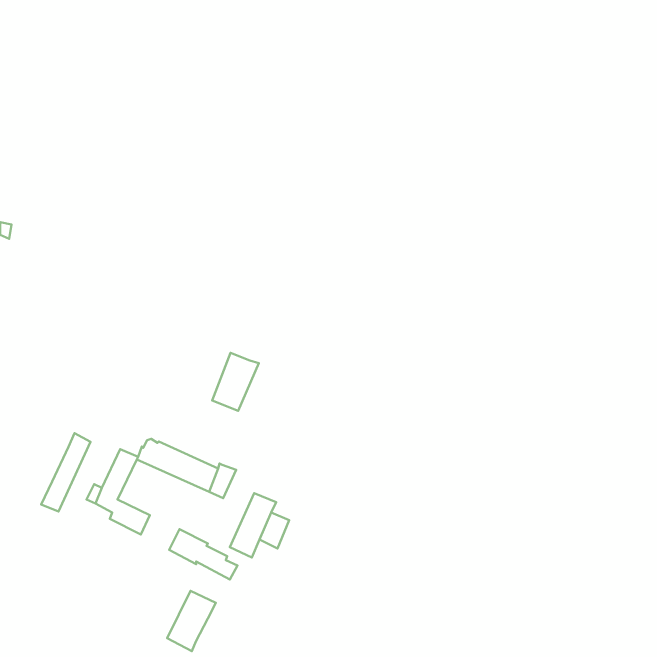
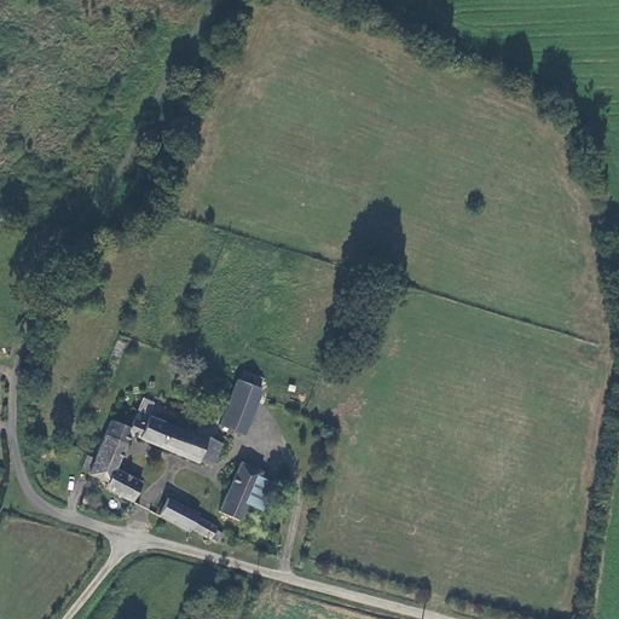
building: [212,353,259,411] -> [221,378,265,433]
building: [41,433,91,512] -> none
building: [167,591,216,651] -> none

